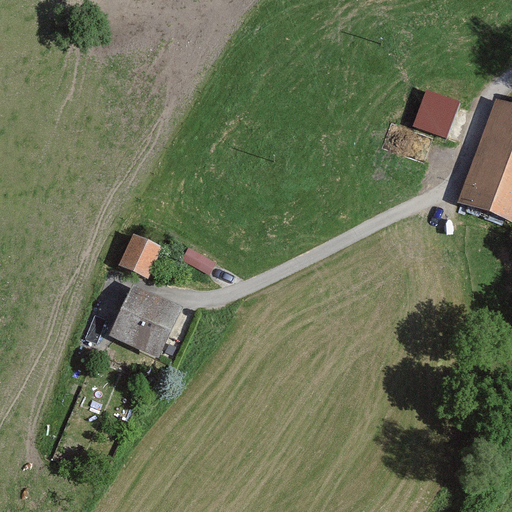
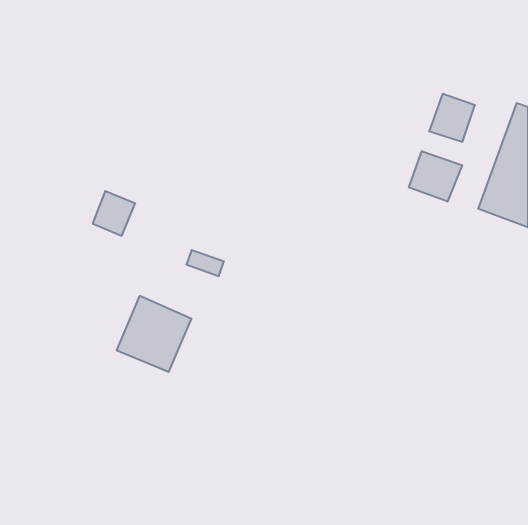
building: none -> [409,151,462,202]
building: [121,234,162,277] -> [93,191,135,236]

